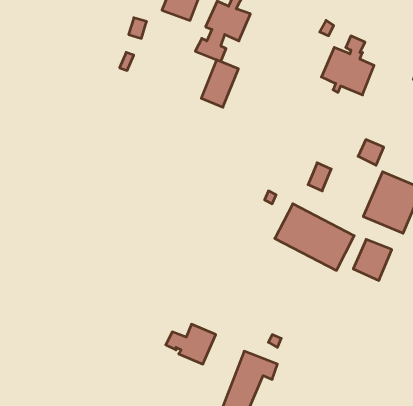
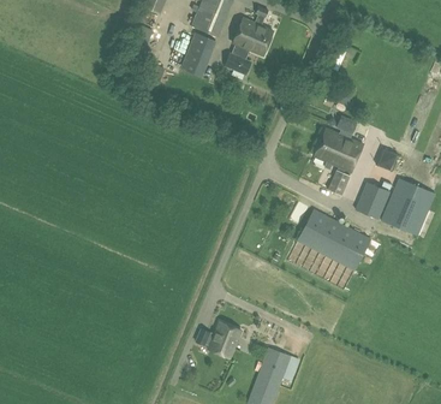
building: [321,36,374,95] -> [314,117,363,172]
building: [201,60,238,107] -> [180,32,215,77]
building: [353,239,392,280] -> [354,182,391,220]

